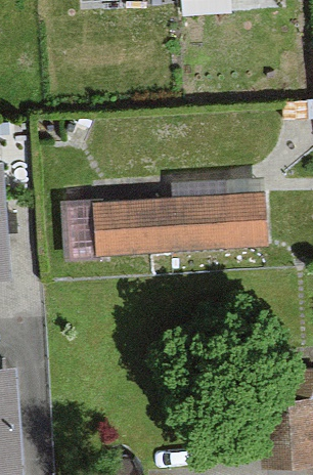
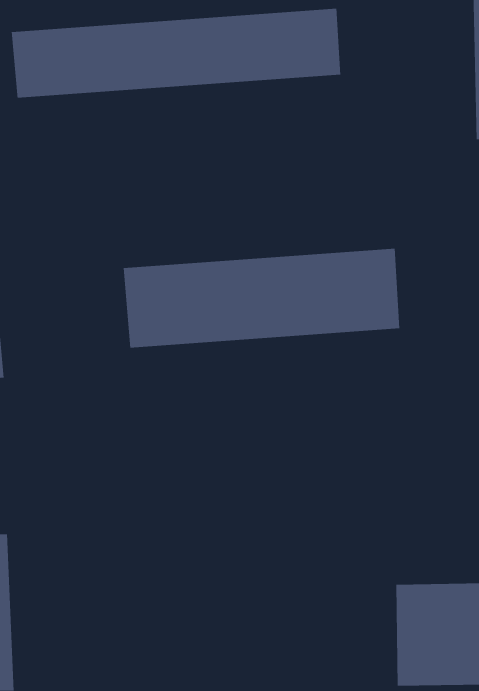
building: none -> [11,8,341,98]

